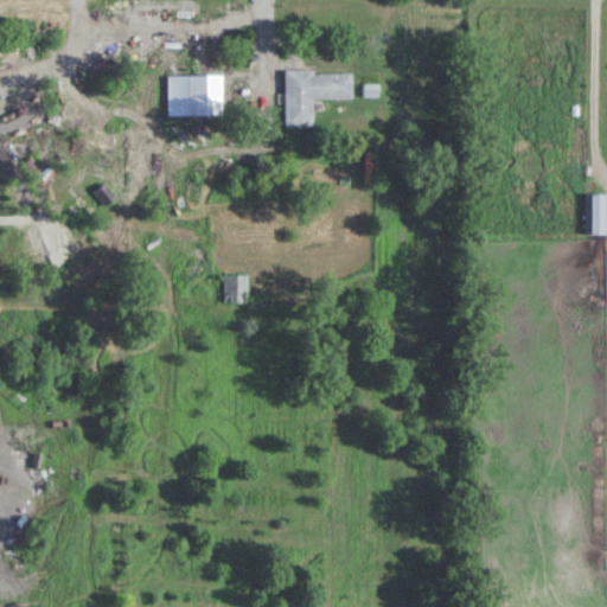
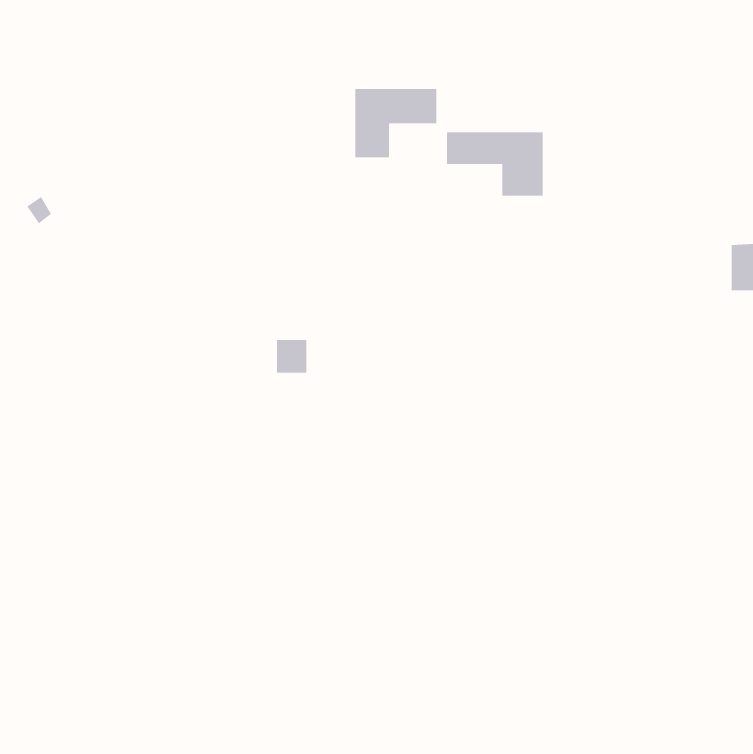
building: [168,76,224,117] -> none
building: none -> [446,132,543,196]

